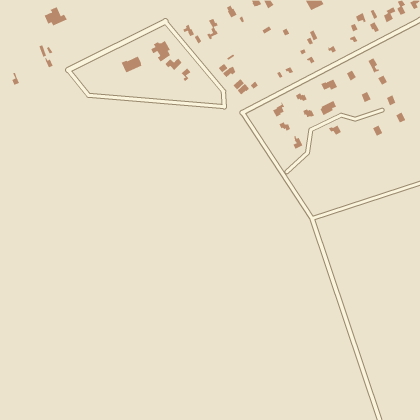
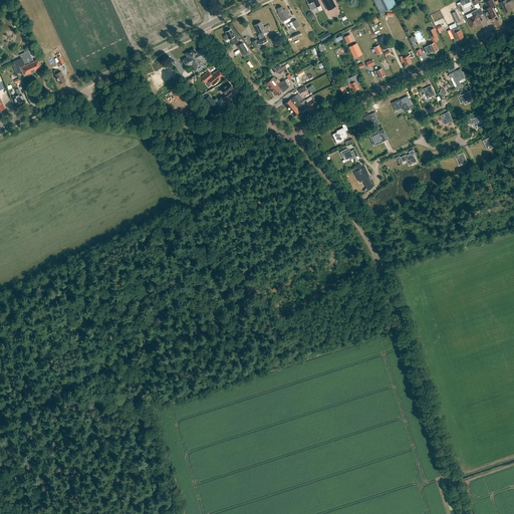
building: [44,7,68,26] -> [13,51,42,75]

